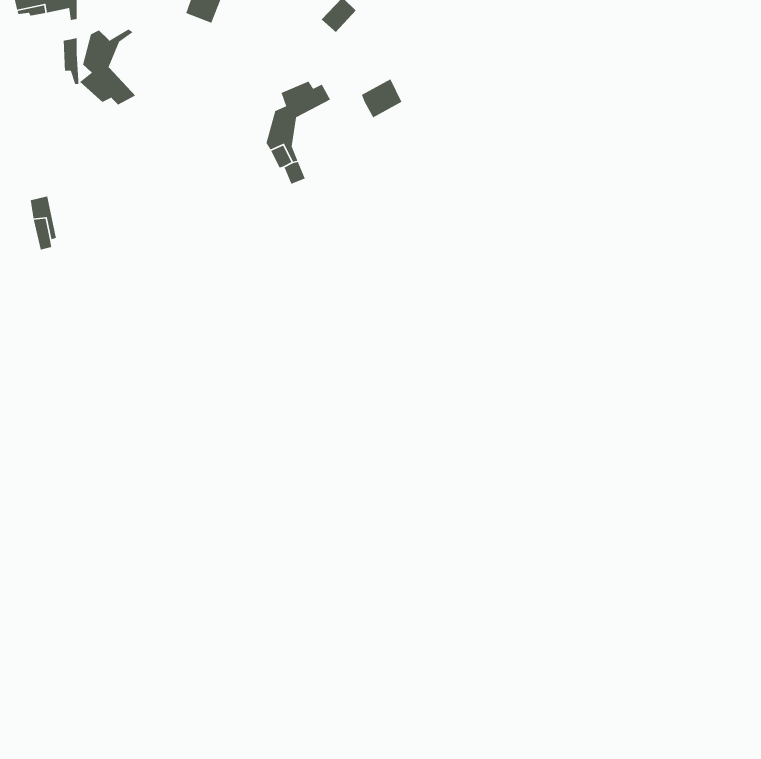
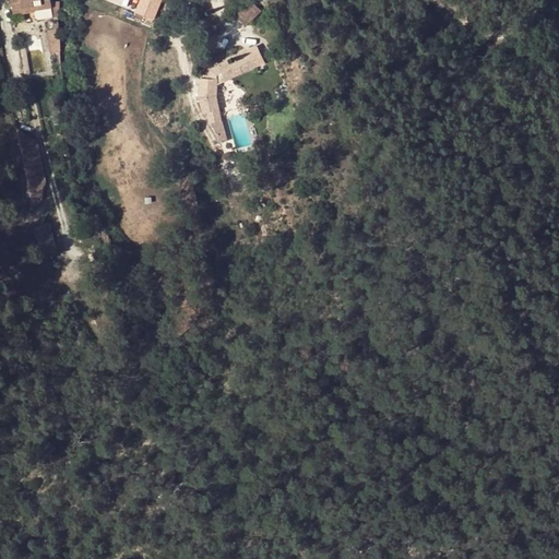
building: [79,29,136,106] -> none
building: [361,78,403,118] -> [234,44,264,73]

